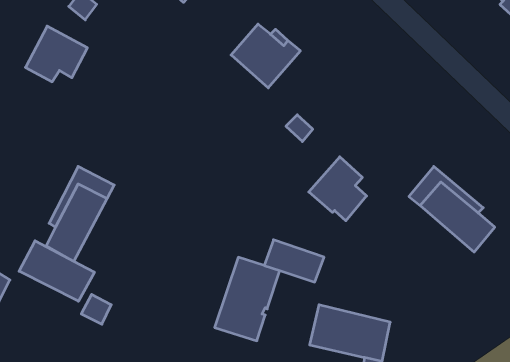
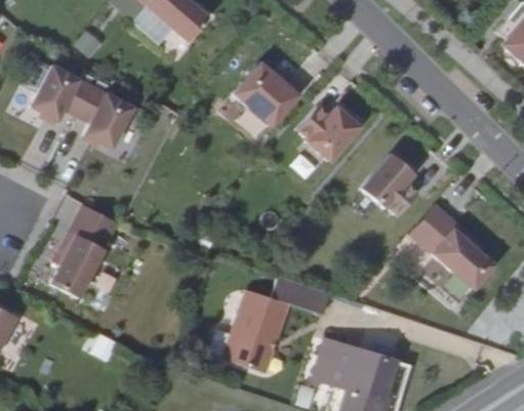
building: none -> [77,87,133,149]
building: none -> [297,106,360,162]
building: [309,157,367,221] -> [361,154,418,217]
building: [19,241,94,301] -> none

